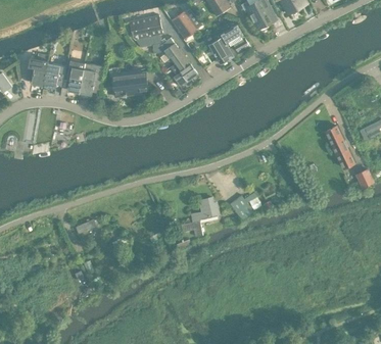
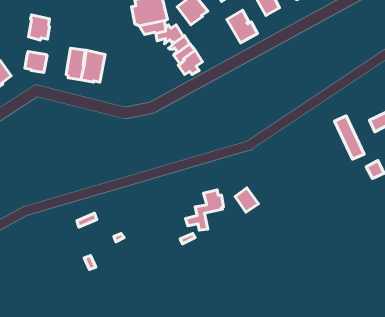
building: [209,33,234,63] -> none
building: [44,62,64,87] -> [28,15,50,40]
building: [112,70,149,96] -> none

